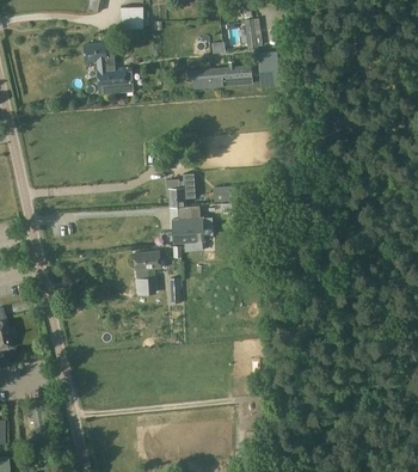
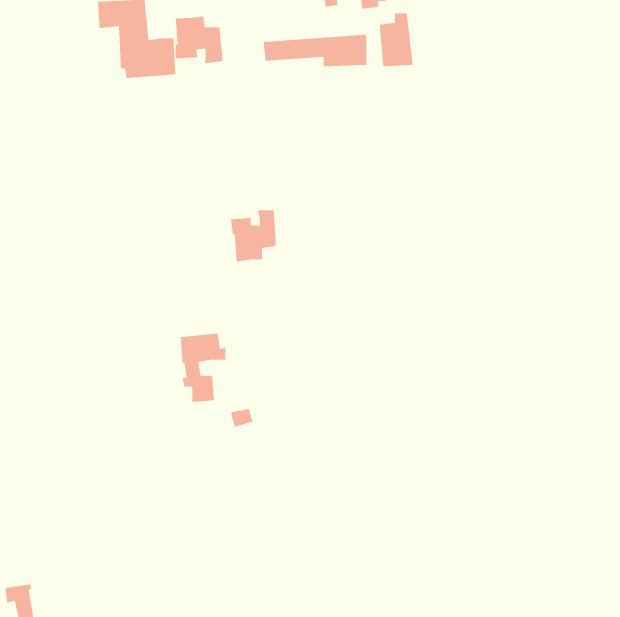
building: none -> [175,16,223,64]
building: [172,204,213,250] -> none

